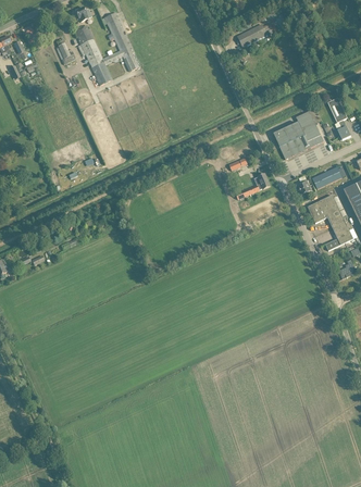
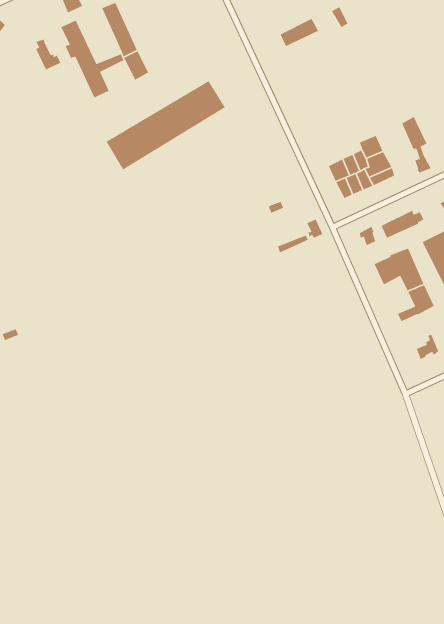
building: none -> [106,80,226,171]

